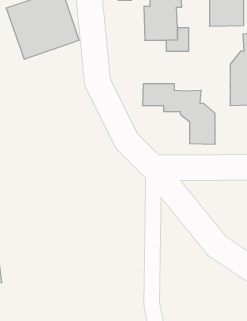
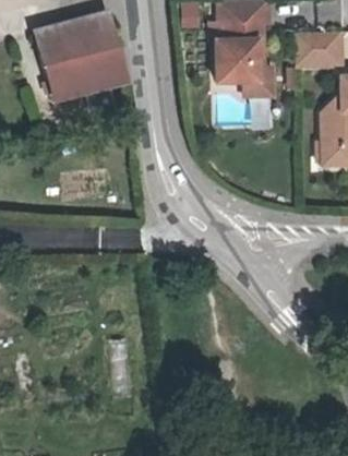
building: [143,84,215,144] -> none

